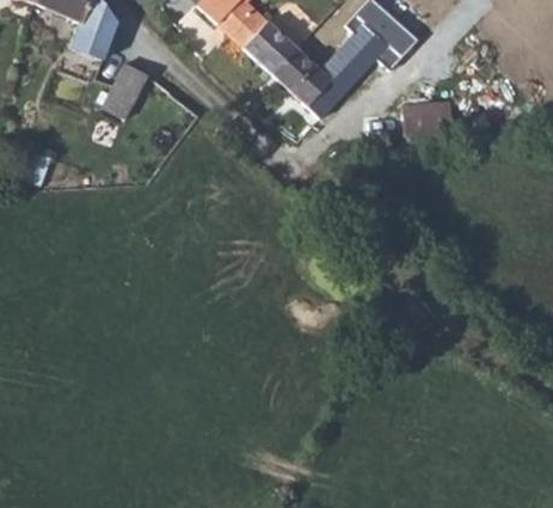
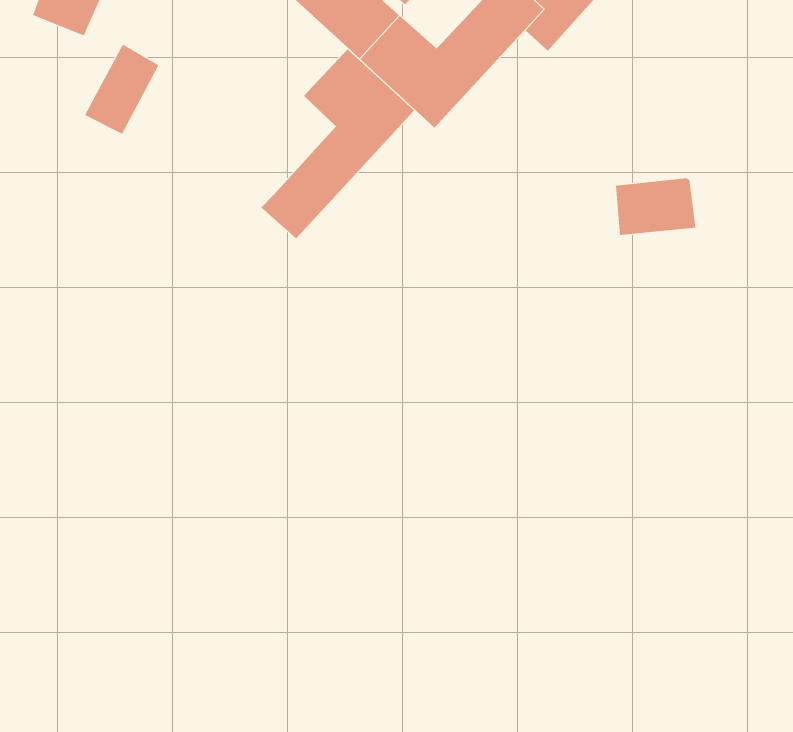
building: none -> [261,48,415,239]
building: [405,98,455,134] -> [615,178,696,236]

